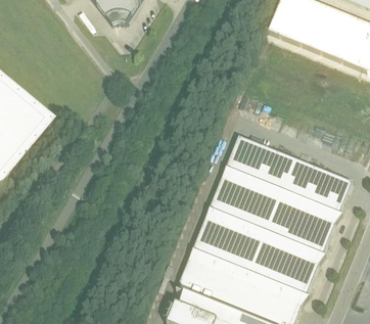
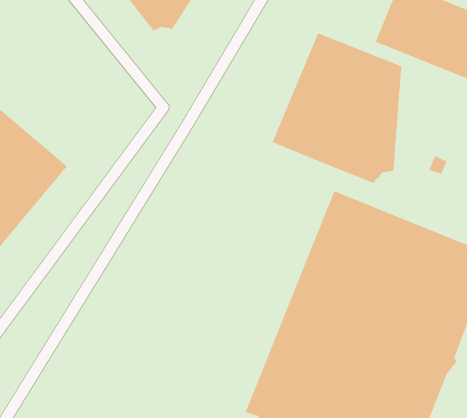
building: none -> [272,32,402,184]

